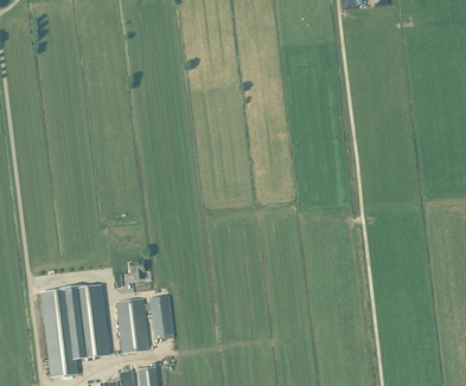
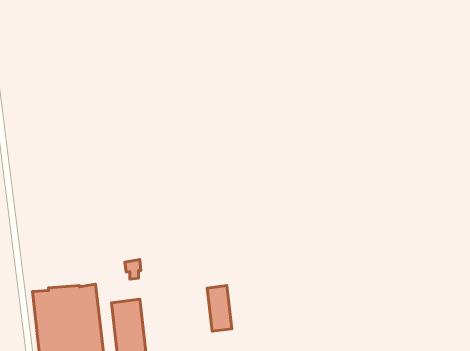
building: [149,295,173,339] -> [207,286,232,331]

